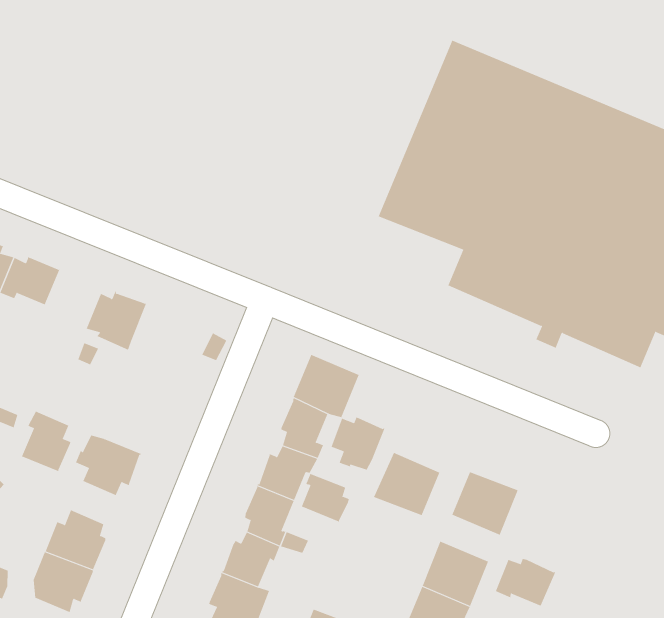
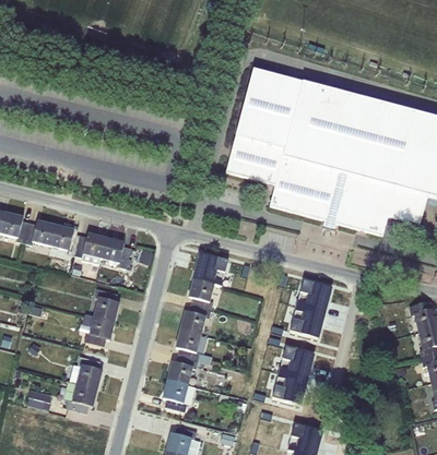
building: none -> [50,225,80,255]
building: none -> [101,237,131,267]
building: [21,411,71,472] -> [93,288,119,320]
building: [331,416,385,470] -> none
building: [373,452,440,516] -> [296,278,331,311]
building: [301,473,349,523] -> none
building: [495,558,556,607] -> none

